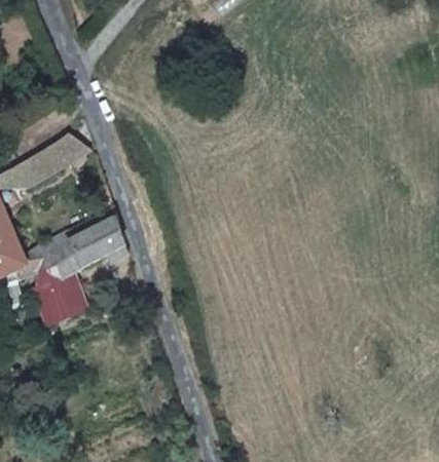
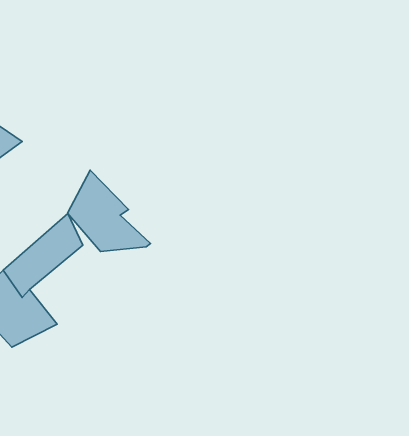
building: none -> [67,170,150,252]

